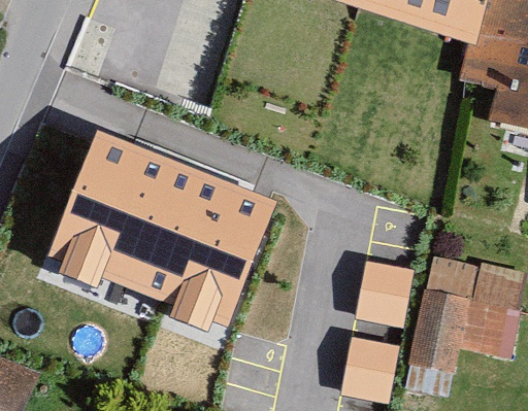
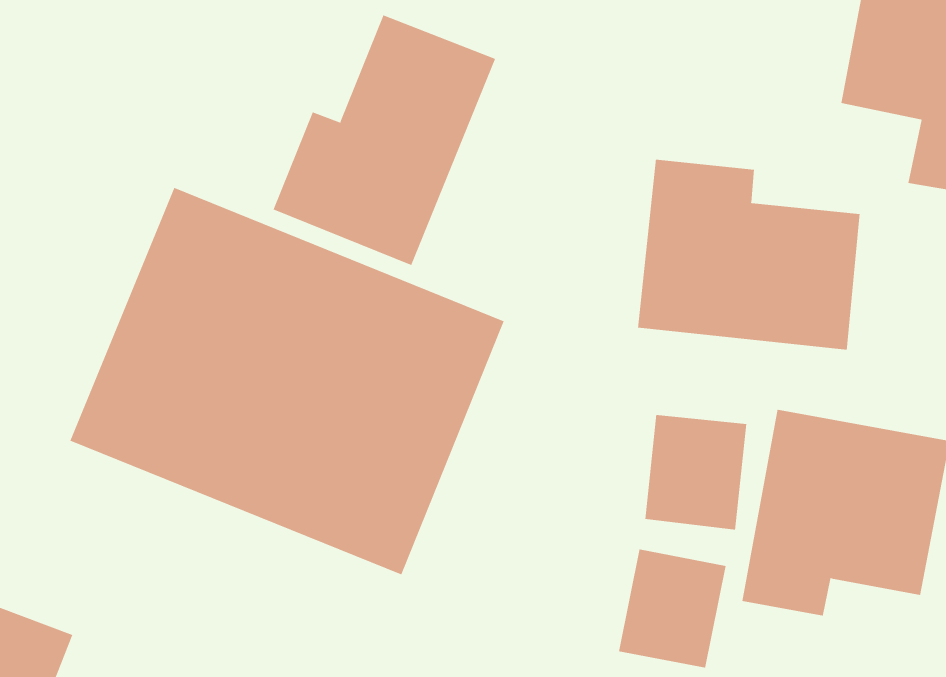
building: none -> [273,15,496,266]
building: none -> [638,159,860,350]

